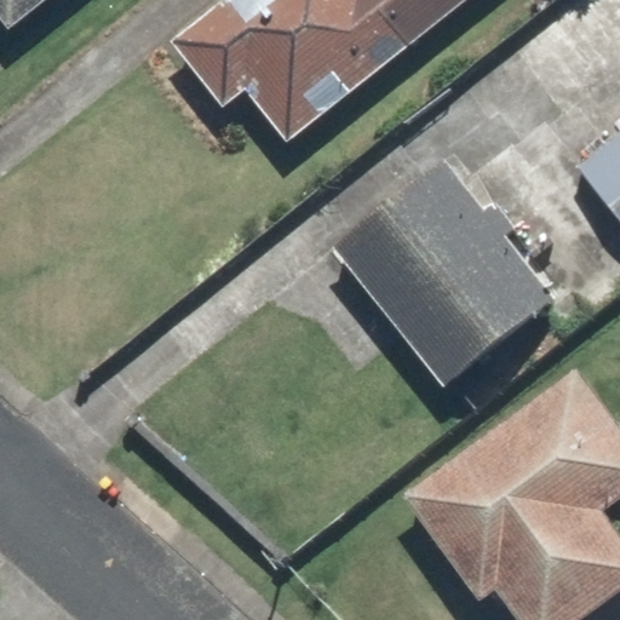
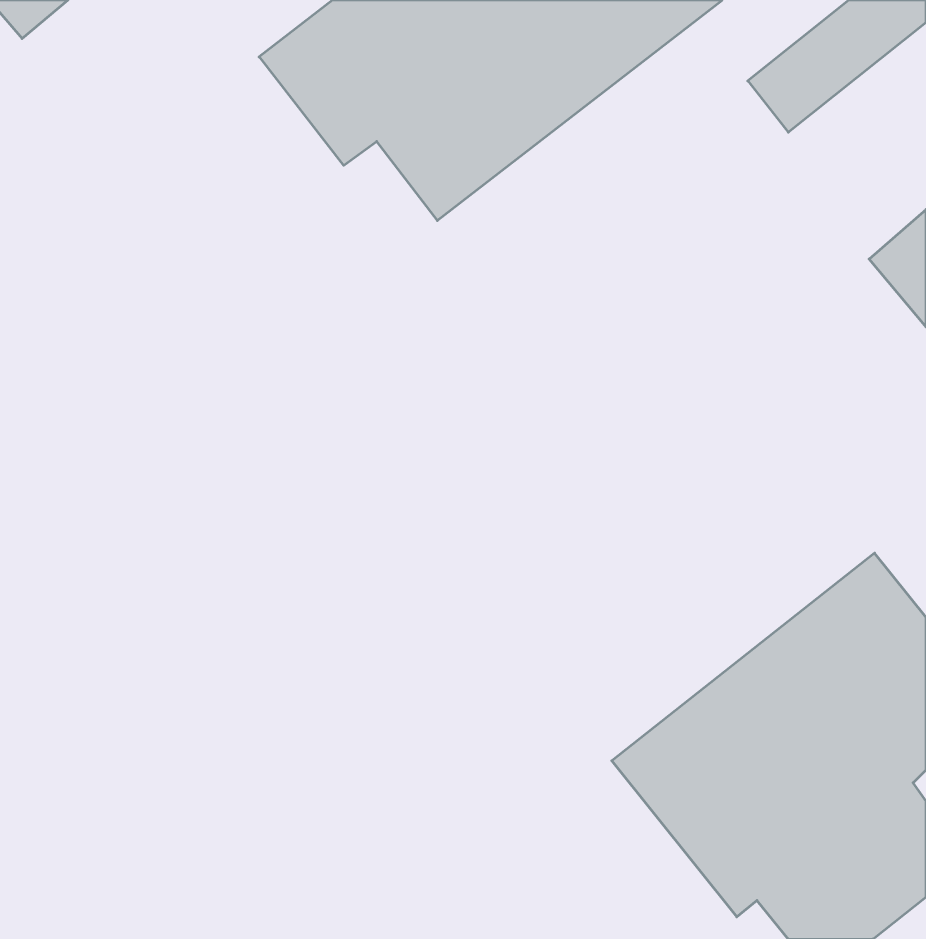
building: [335,159,555,383] -> none

